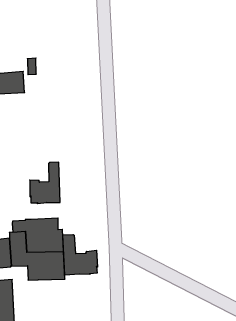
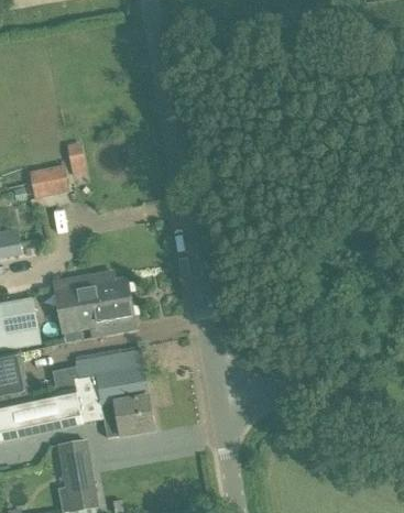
building: none -> [52,270,116,331]
building: [63,235,98,275] -> none

